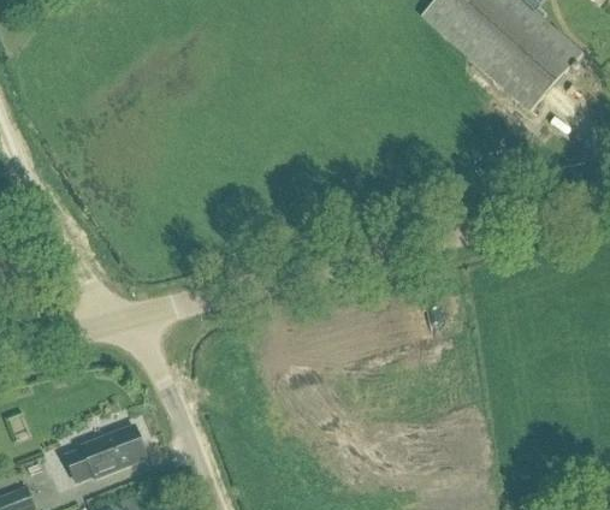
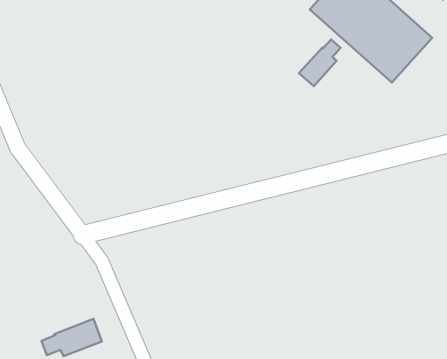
building: none -> [299,39,341,86]

